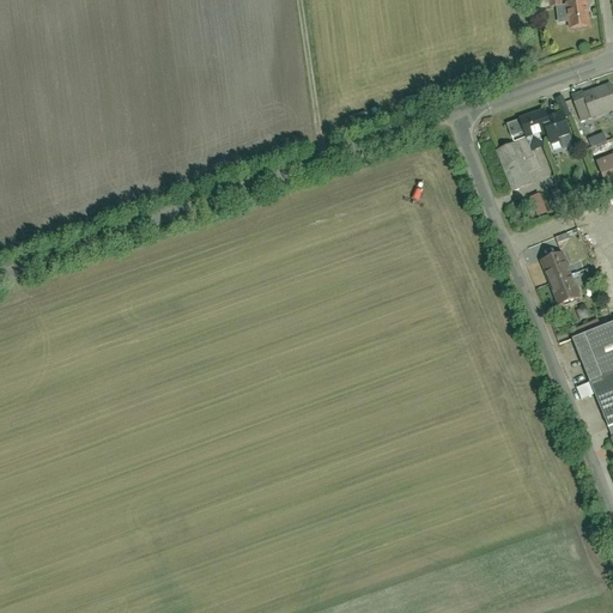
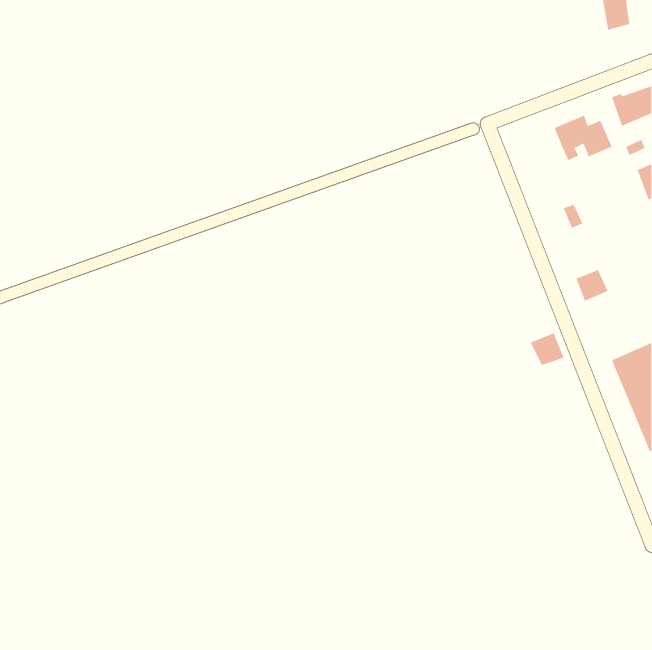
building: [496,138,540,190] -> none
building: [548,273,581,304] -> [530,332,564,366]

